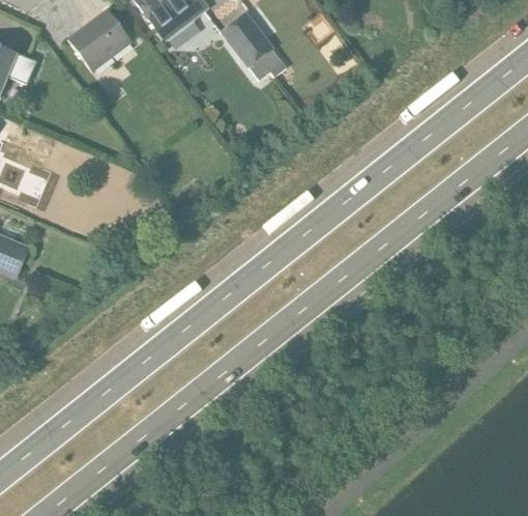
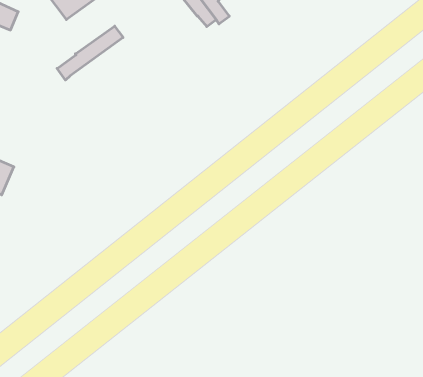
building: none -> [57,26,123,80]

